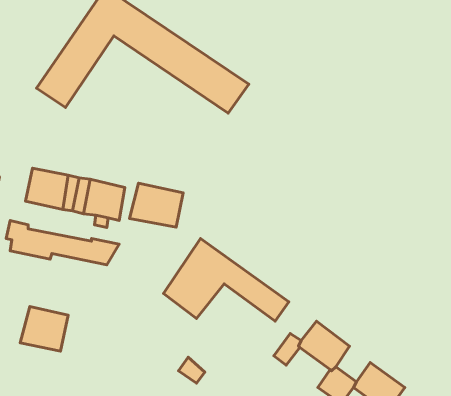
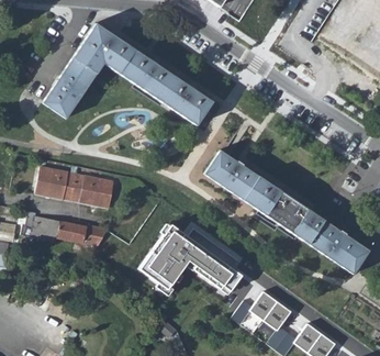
building: none -> [202,154,369,275]
building: [129,183,183,227] -> none
building: [20,306,68,351] -> none

